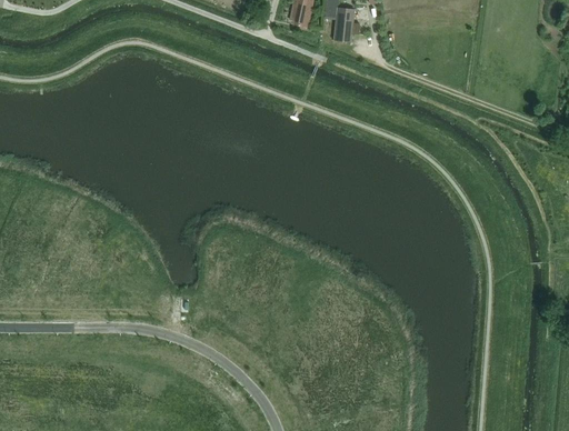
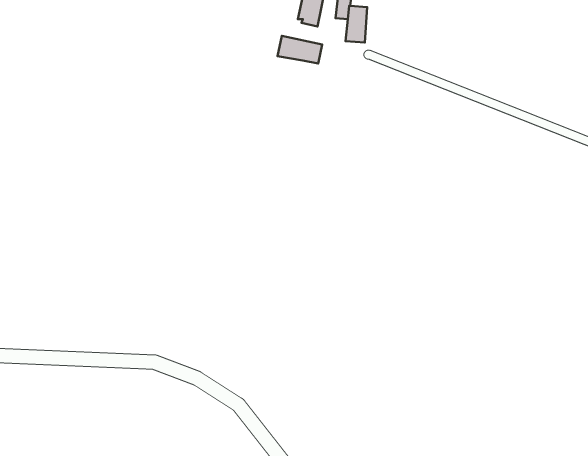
building: none -> [278,36,322,63]

